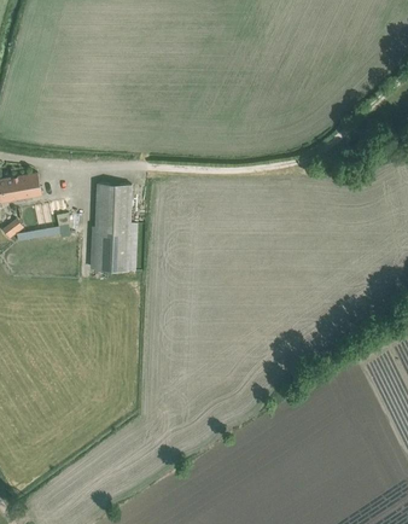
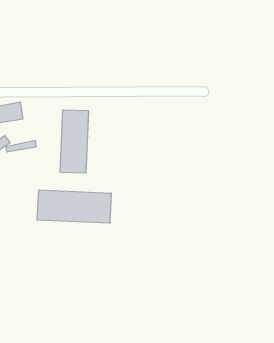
building: none -> [37,190,111,223]

